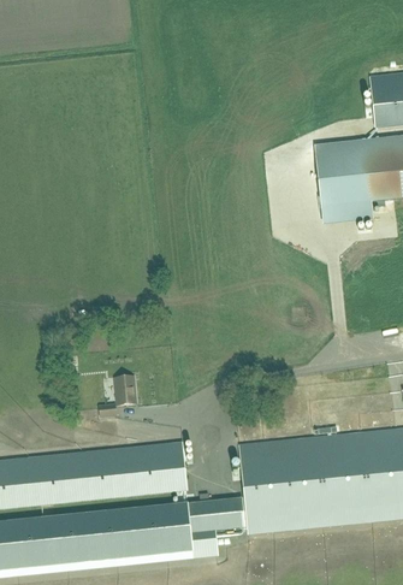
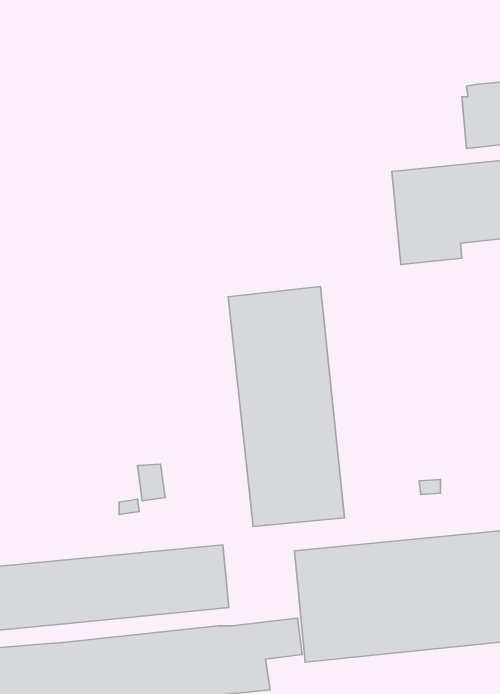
building: none -> [228,287,344,527]

